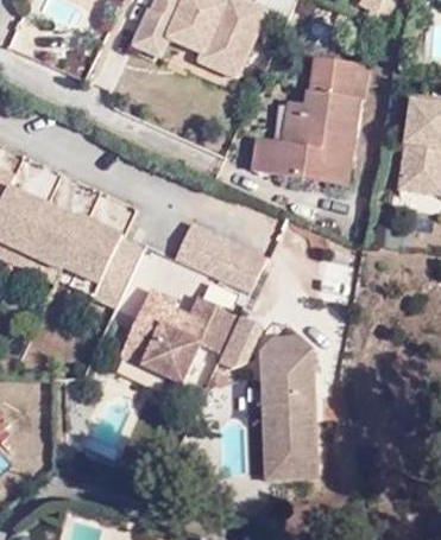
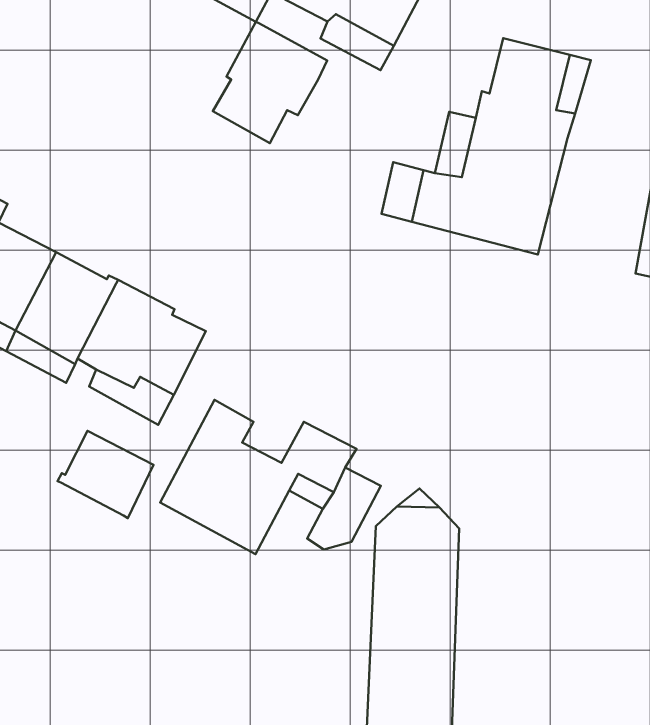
building: none -> [213,22,327,143]
building: [176,220,266,290] -> none
building: none -> [58,431,153,518]

